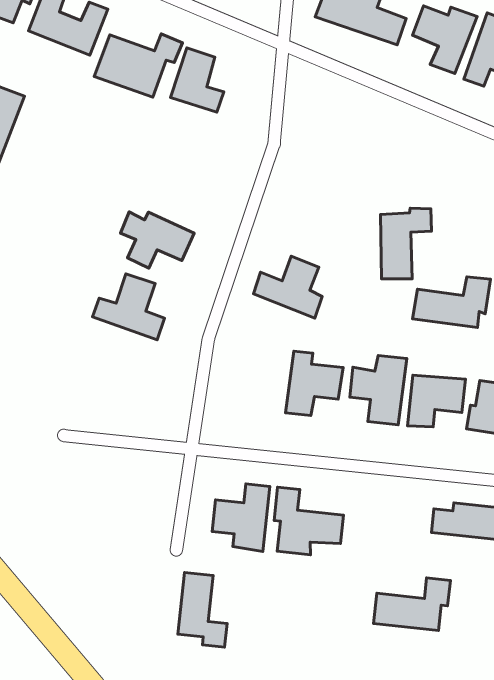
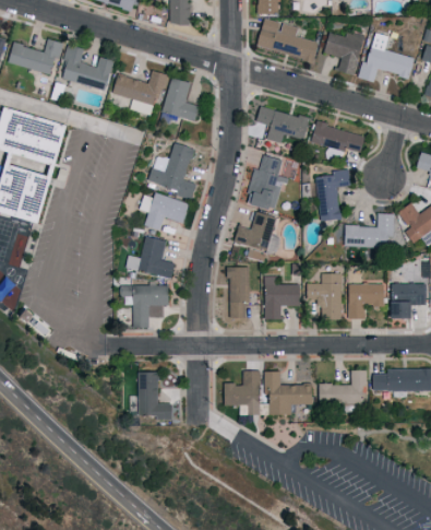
building: none -> [255,106,309,143]
building: none -> [310,122,364,153]
building: none -> [149,143,197,199]
building: none -> [246,155,286,211]
building: none -> [228,267,249,318]
building: none -> [120,285,168,327]
building: [178,572,227,647] -> [139,372,171,420]
building: [374,578,450,630] -> [318,369,367,404]

